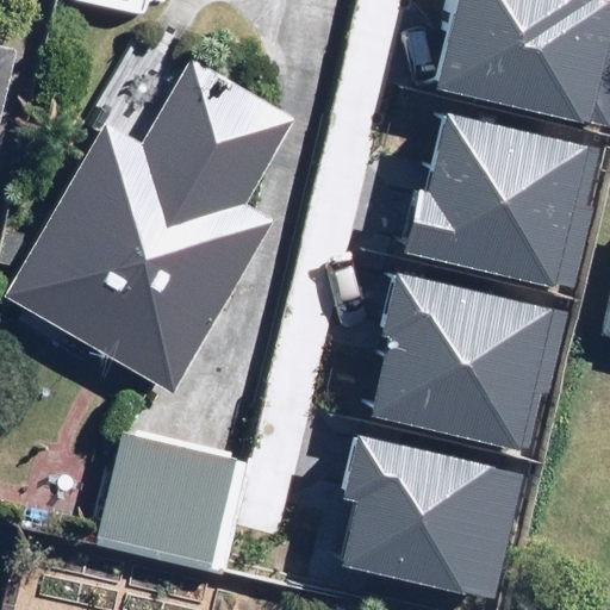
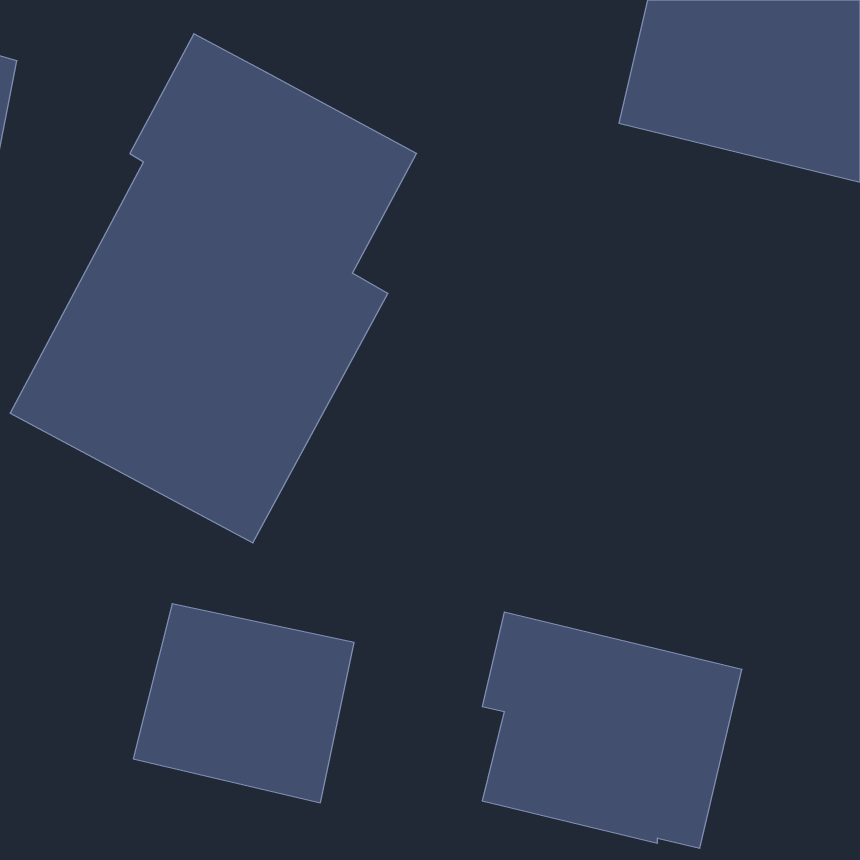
building: [404,117,598,291] -> none
building: [373,274,567,450] -> none

